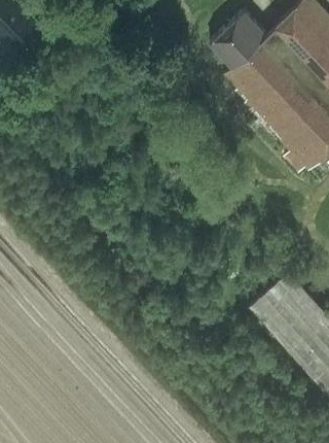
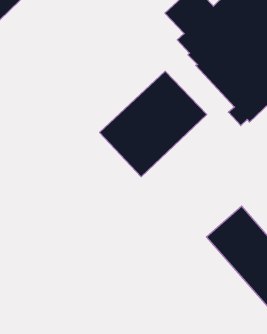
building: none -> [100,71,207,177]

